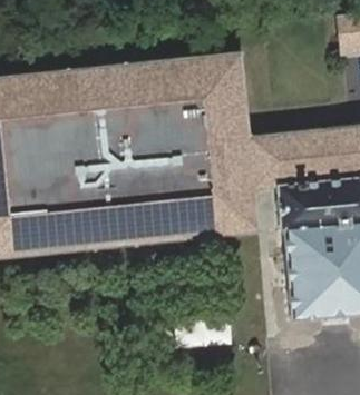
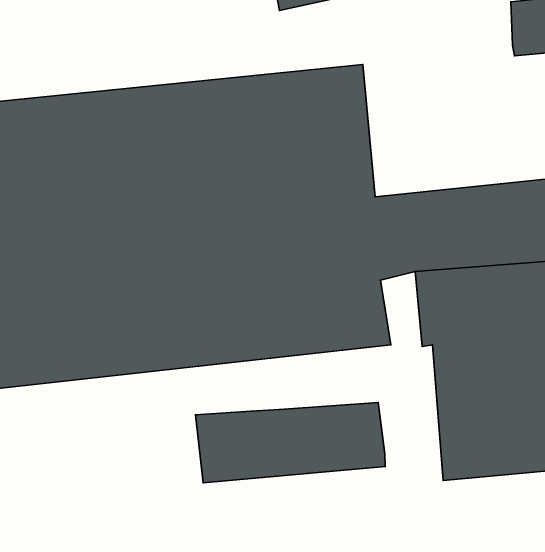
building: none -> [196,403,385,483]

